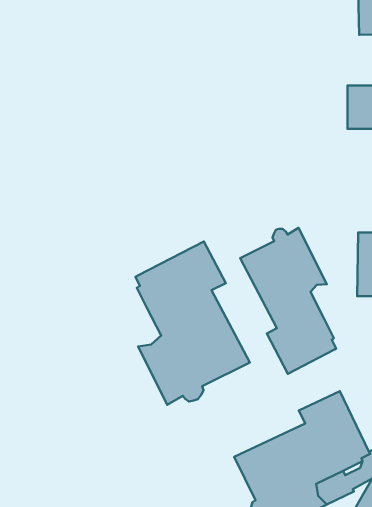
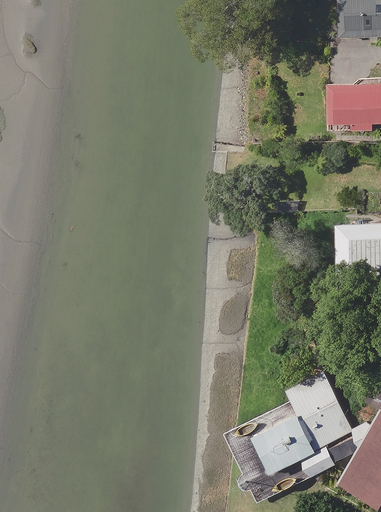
building: [240,228,336,374] -> none
building: [135,241,250,405] -> none

